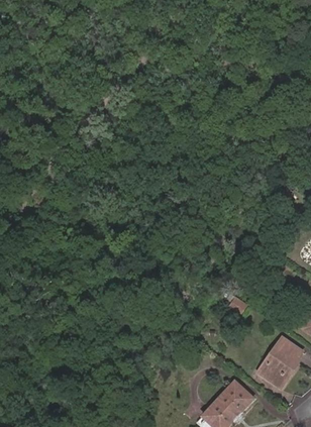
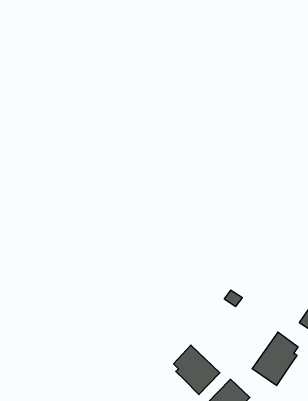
building: none -> [174,345,220,395]

